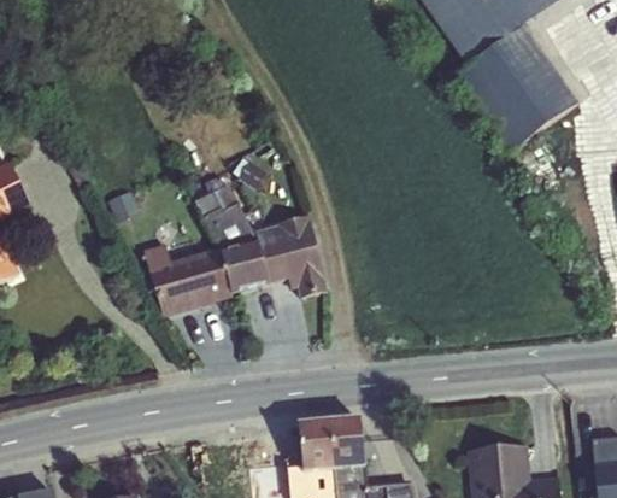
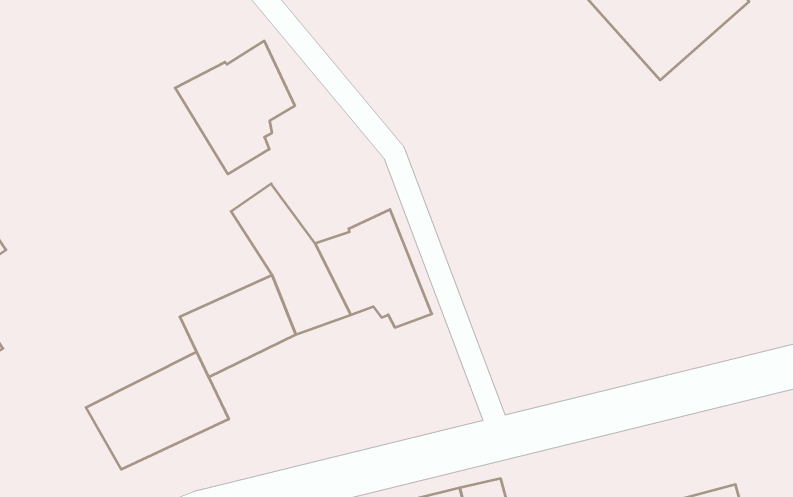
building: none -> [175,41,295,174]
building: none -> [86,352,229,469]

